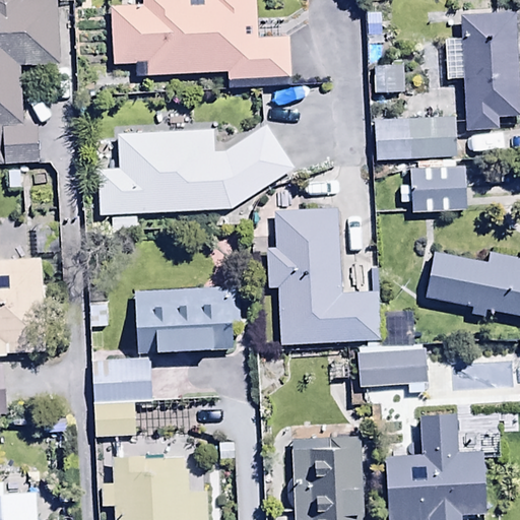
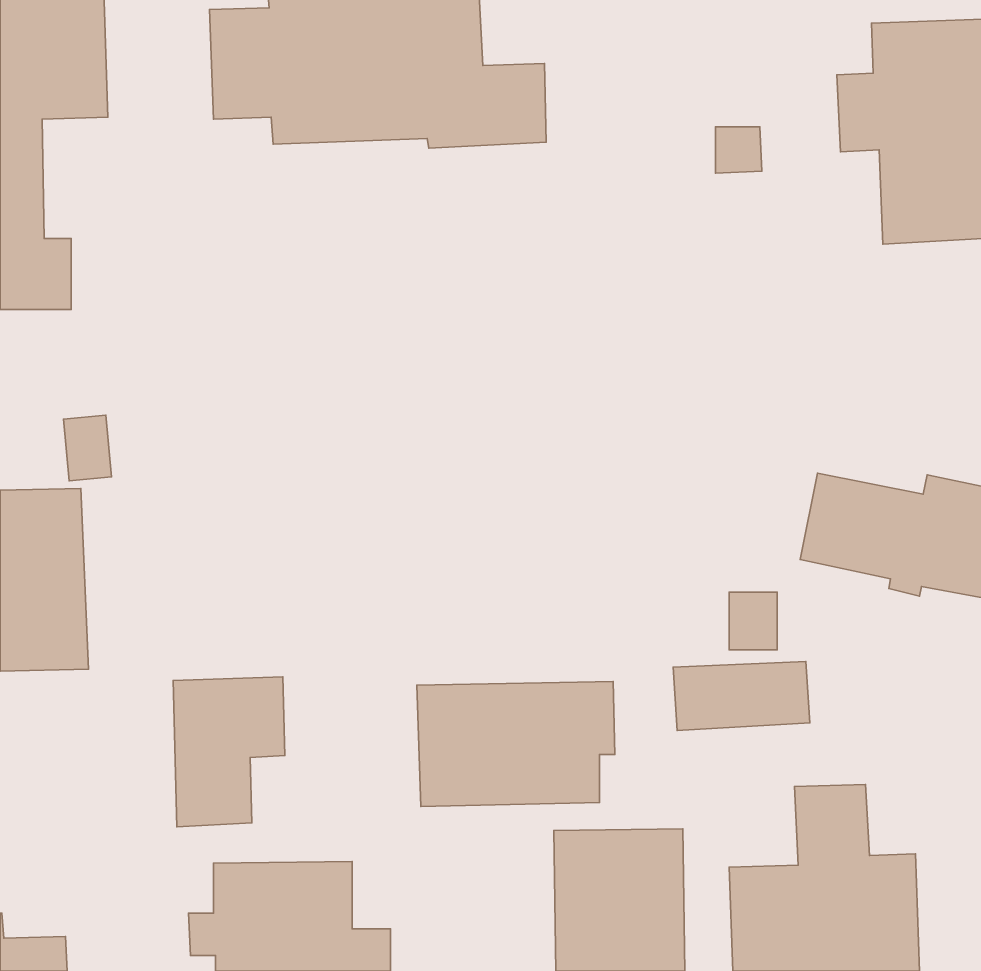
building: [376,118,457,159] -> none
building: [96,123,292,231] -> none
building: [409,166,467,211] -> none
building: [267,189,379,343] -> none
building: [135,287,240,353] -> [417,681,615,806]

